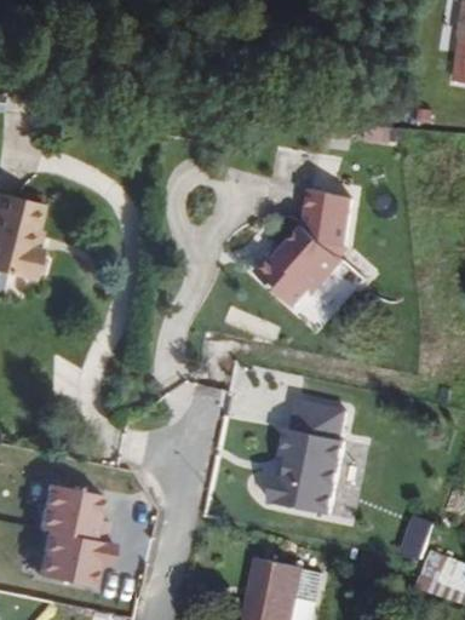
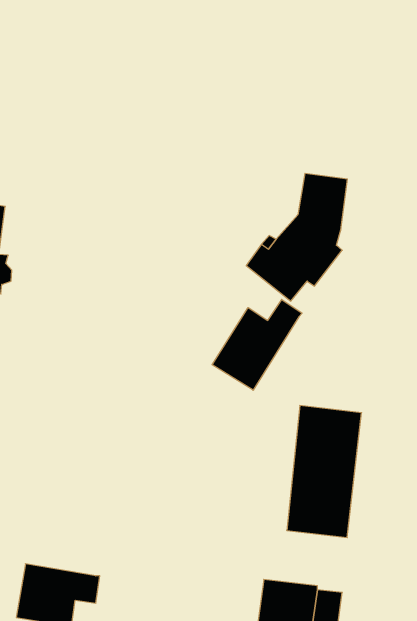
building: none -> [212,299,302,390]
building: [35,480,108,539] -> none

